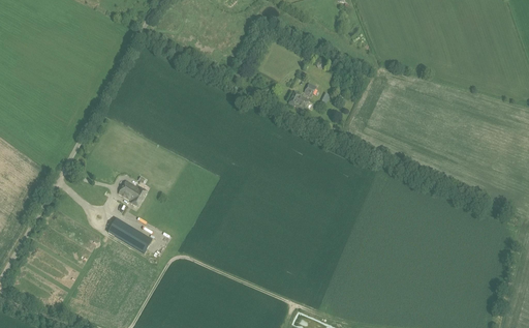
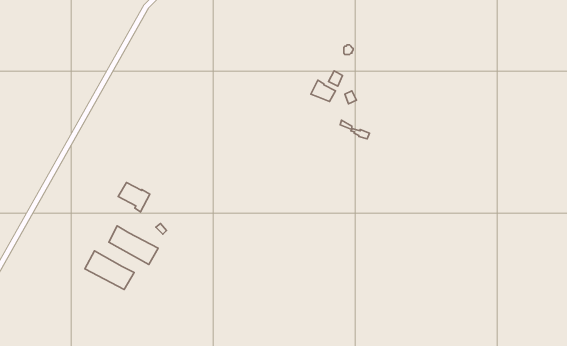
building: none -> [85,251,134,290]

